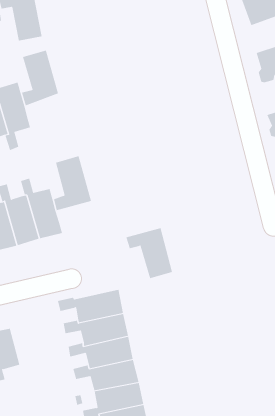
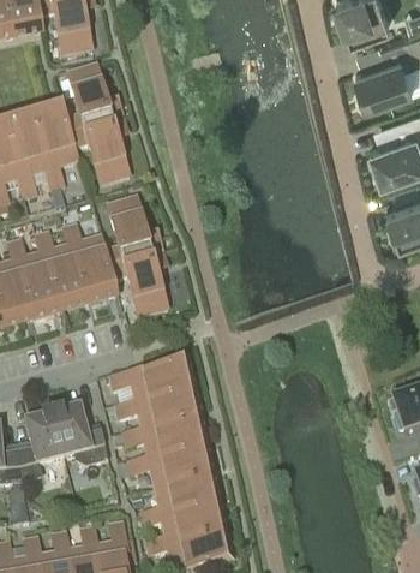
building: none -> [70,119,128,185]
building: [125,228,173,279] -> [108,252,167,316]
building: none -> [52,405,108,464]

